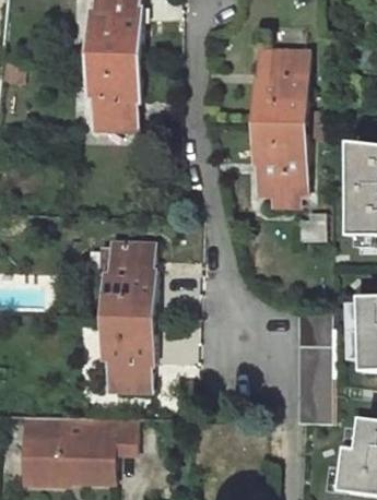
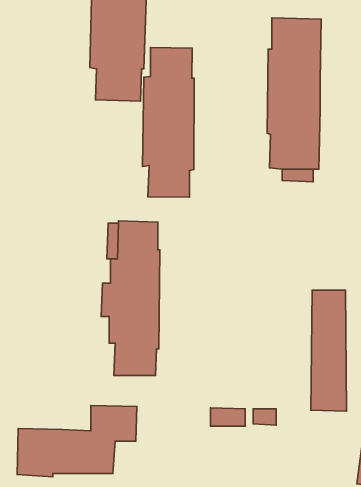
building: none -> [143,47,194,197]
building: [19,417,60,441] -> none

